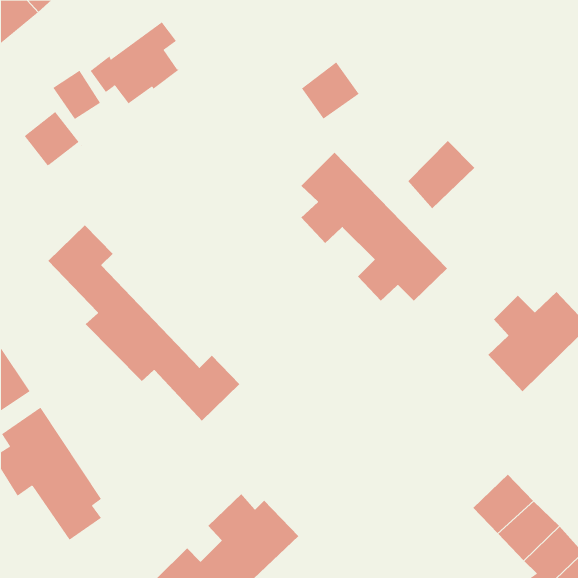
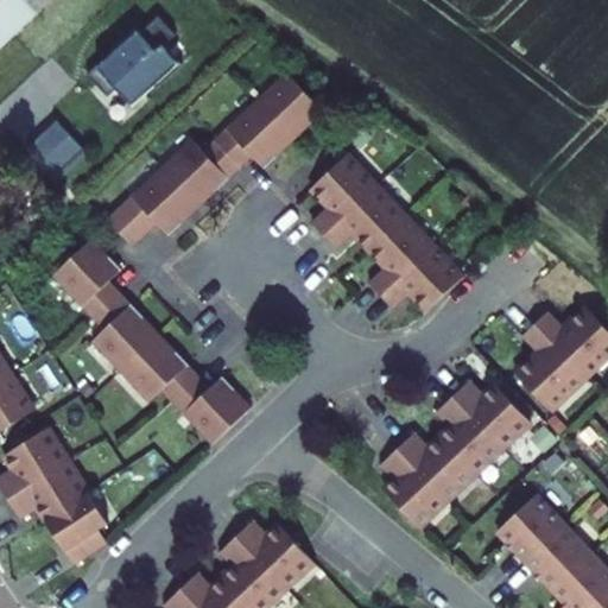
building: none -> [103,65,323,243]
building: [301,61,359,119] -> none
building: [52,70,101,120] -> none
building: [408,140,475,209] -> none
building: none -> [375,380,528,531]

